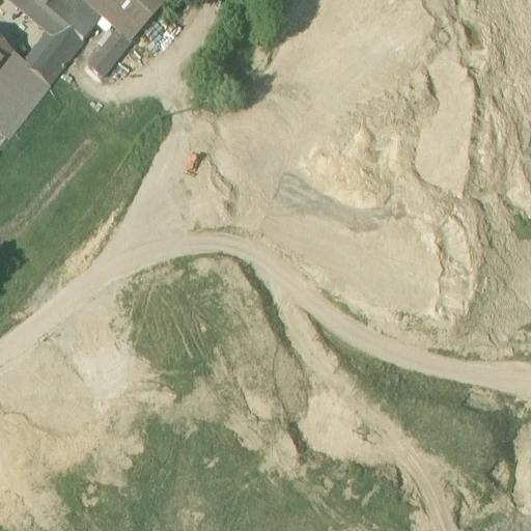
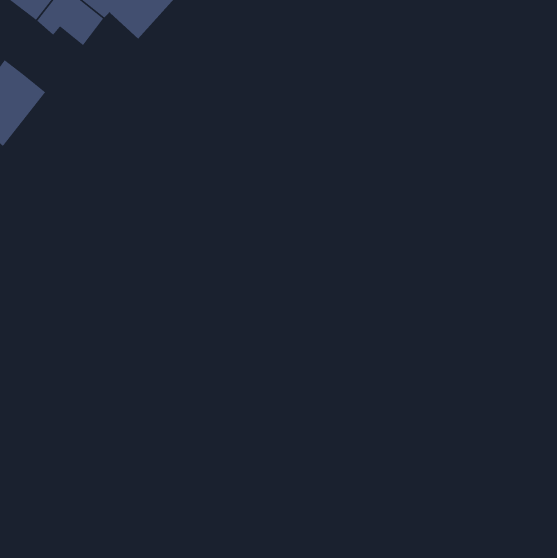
building: [22,26,79,87] -> none
building: [84,32,128,80] -> none

